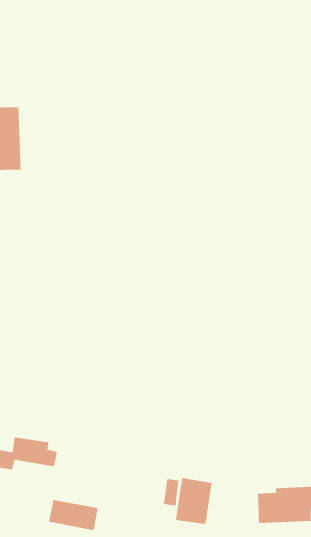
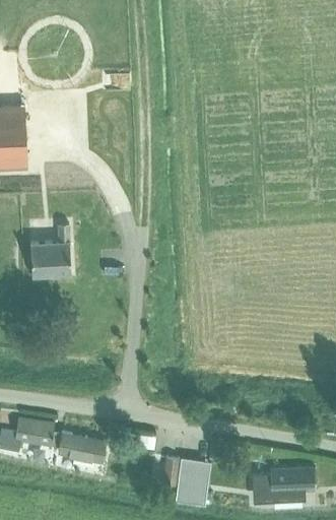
building: none -> [29,225,72,279]
building: [48,499,98,531] -> [58,434,106,464]

